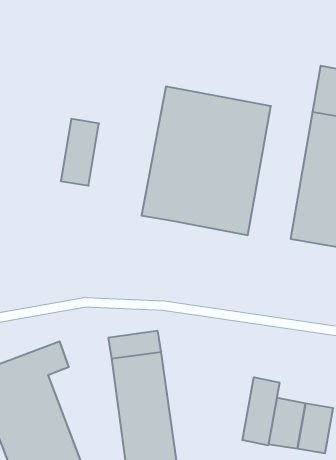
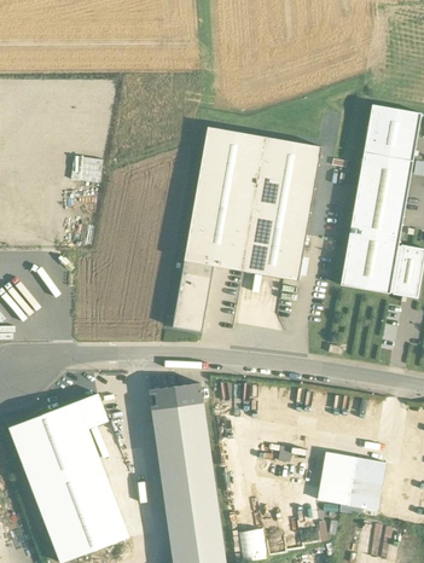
building: [61,119,99,186] -> [174,261,214,331]
building: [243,377,279,445] -> none

